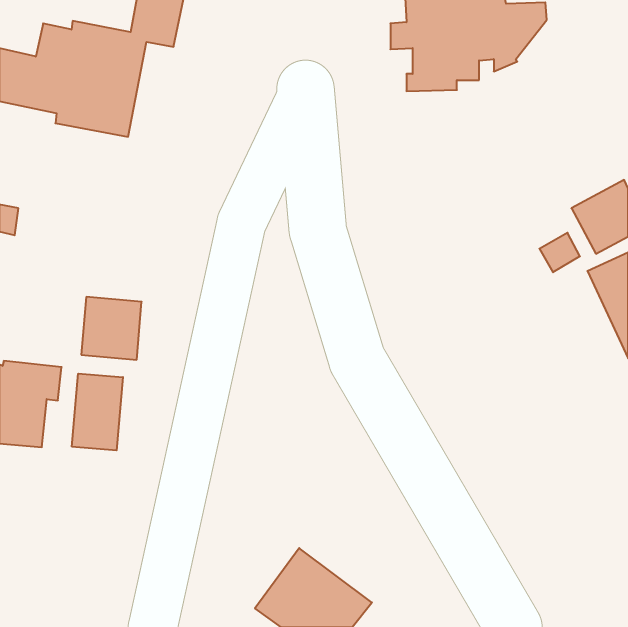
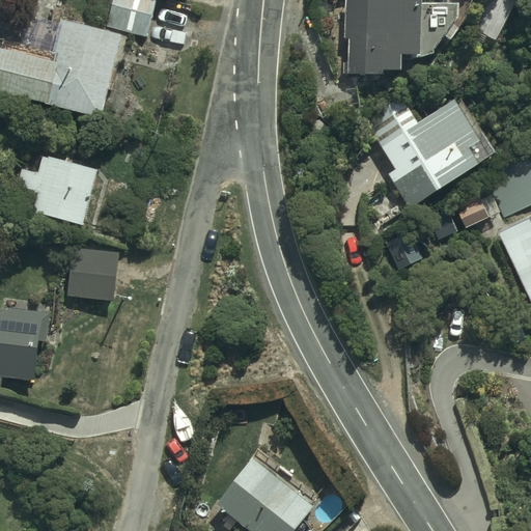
building: none -> [362,100,493,211]
building: none -> [19,158,95,223]
building: [72,374,123,450] -> none

